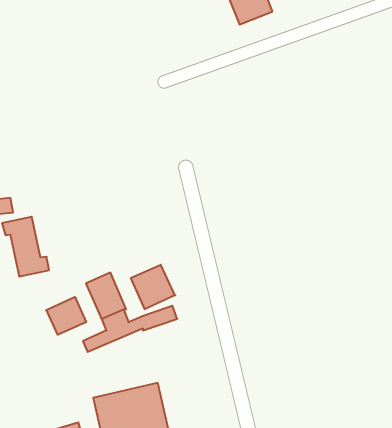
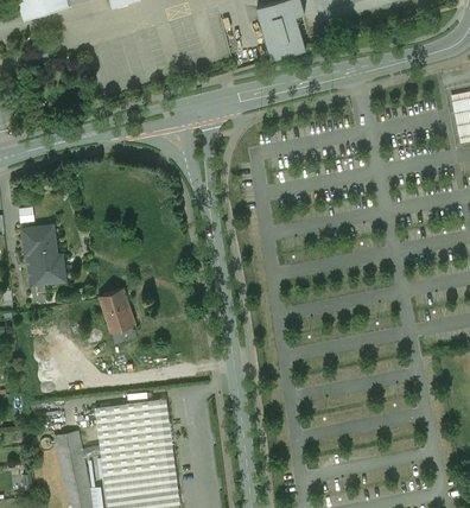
building: [131,265,175,309] -> none
building: [46,297,86,335] -> none

